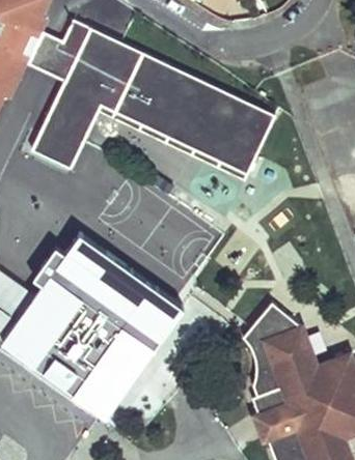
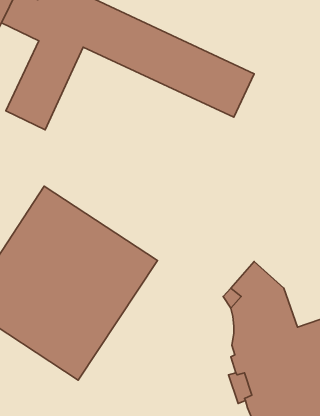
building: [98,90,255,180] -> none

